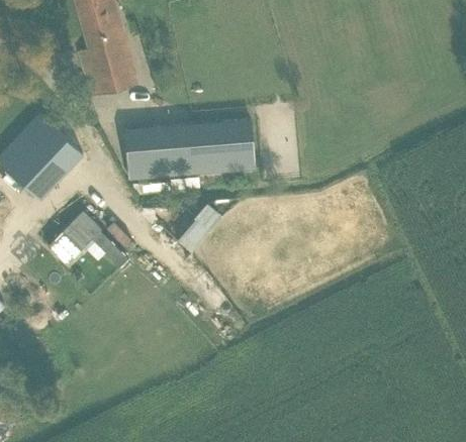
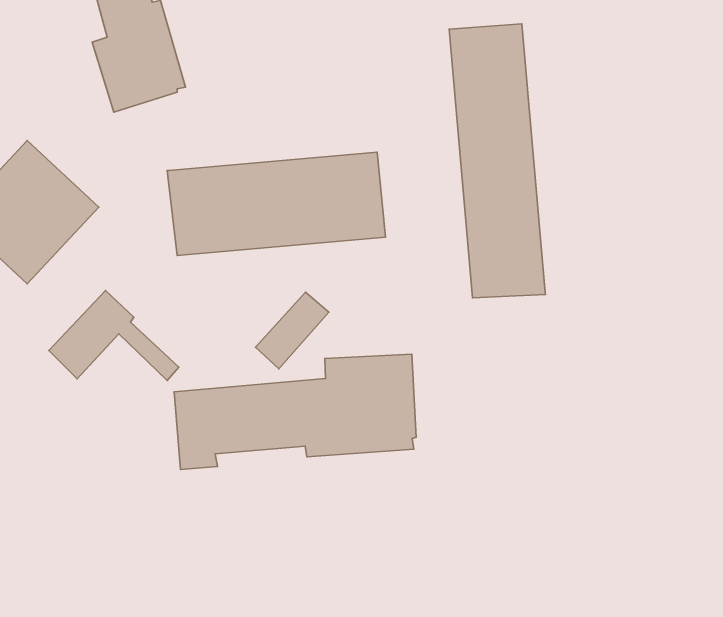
building: none -> [449,24,546,298]
building: none -> [174,354,416,469]

